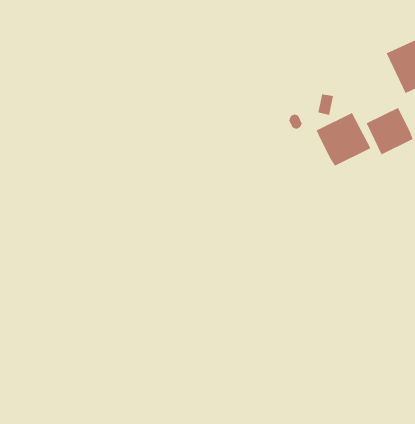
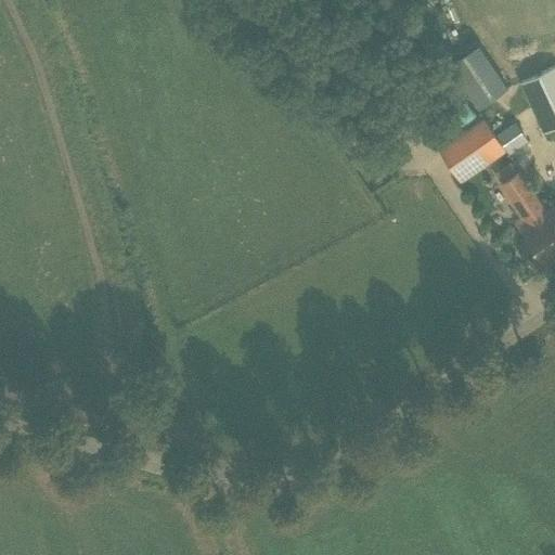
building: [316,112,371,166] -> none

